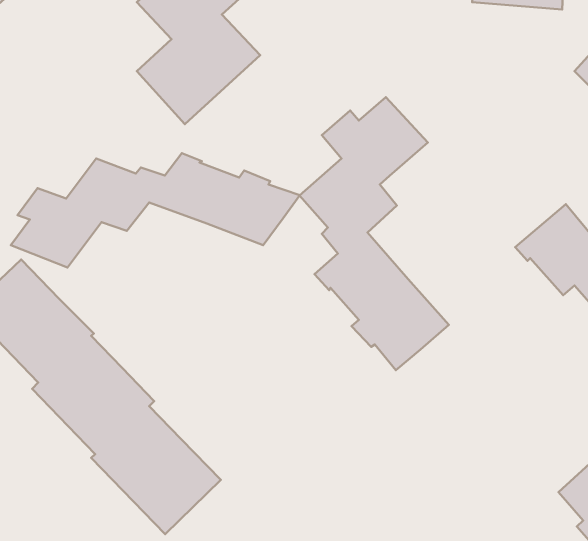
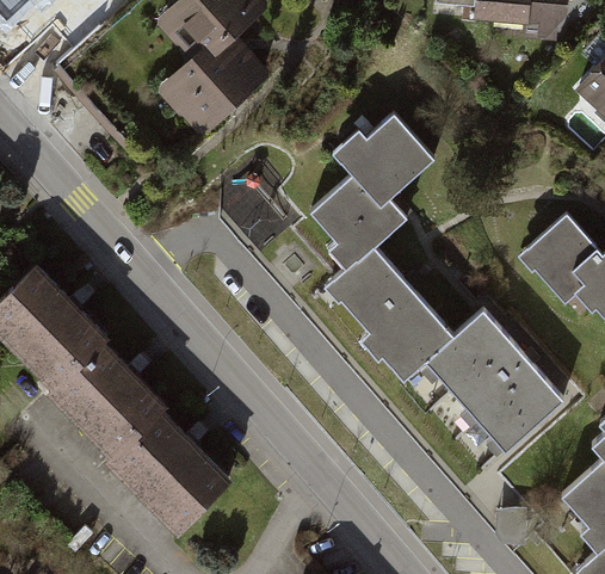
building: [11,153,300,268] -> none
building: none -> [427,310,560,449]

